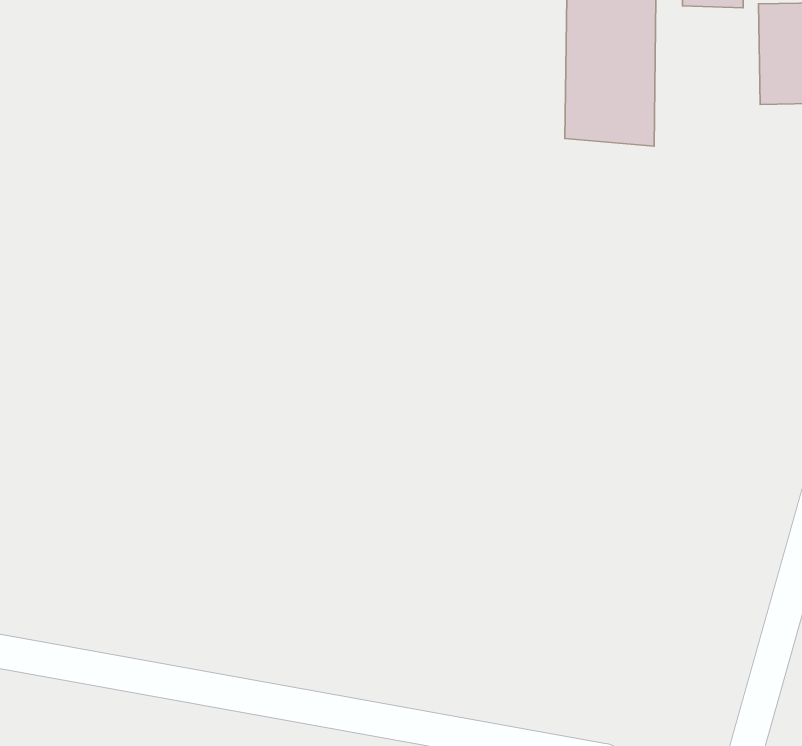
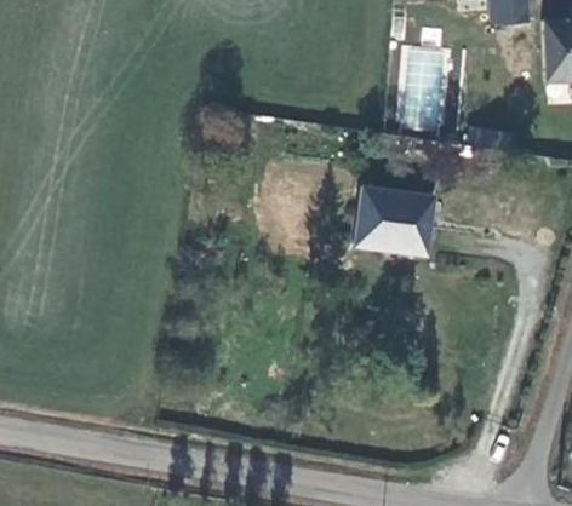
building: none -> [349,177,422,249]

